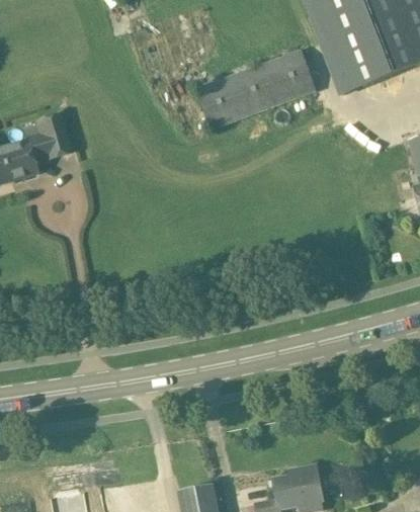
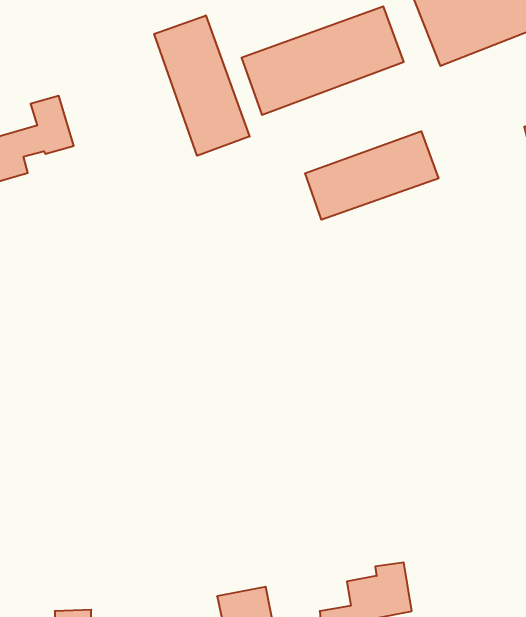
building: none -> [154,15,250,156]
building: none -> [305,131,439,220]

